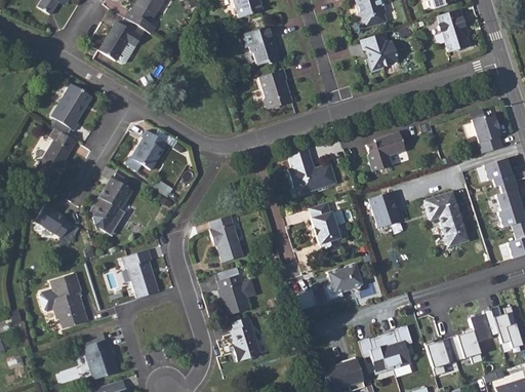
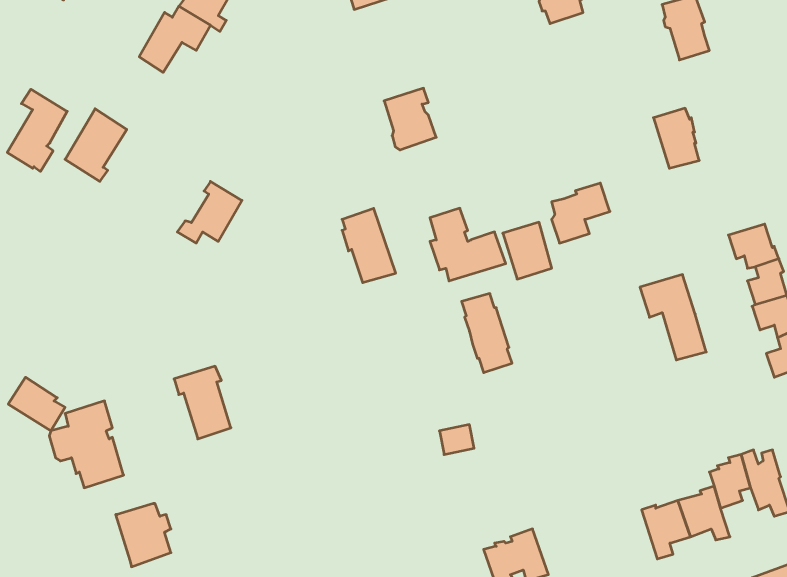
building: [240,27,279,67] -> none
building: [362,32,400,72] -> none
building: [473,114,502,153] -> [653,108,699,168]
building: [38,126,77,180] -> [7,89,67,171]
building: [93,178,131,234] -> none
building: [369,191,401,228] -> [503,222,552,279]
building: [35,203,72,238] -> [8,377,65,431]
building: [209,215,244,264] -> [342,208,396,283]
building: [323,264,362,301] -> none
building: [218,275,251,316] -> none
building: [231,316,261,362] -> none
building: [358,324,413,370] -> none

